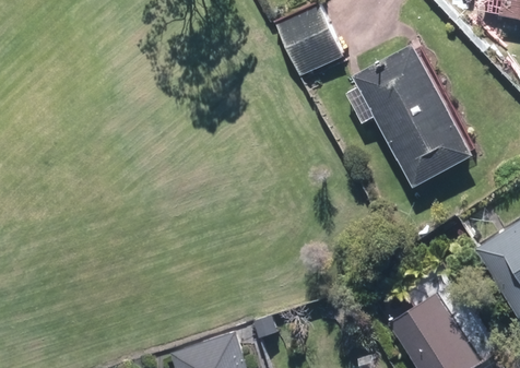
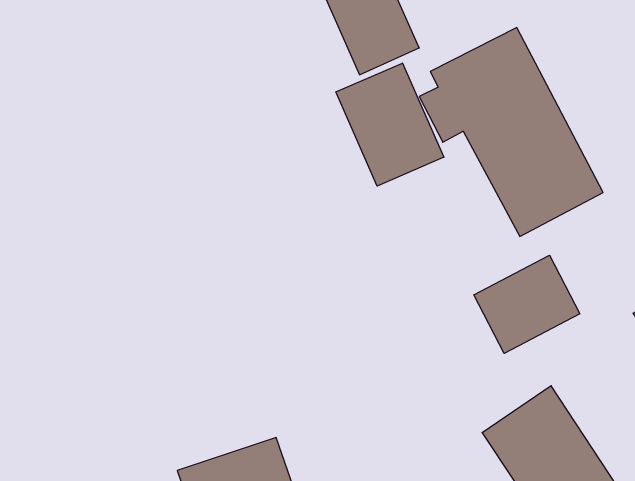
building: none -> [336,63,444,186]
building: none -> [474,255,580,353]

